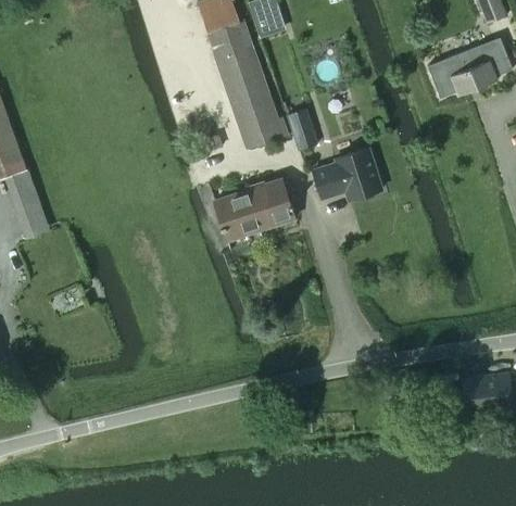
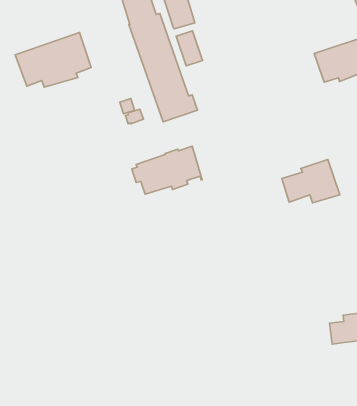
building: none -> [15,32,91,87]
building: [286,107,317,150] -> [176,31,202,66]
building: [312,148,381,200] -> [282,160,340,203]

